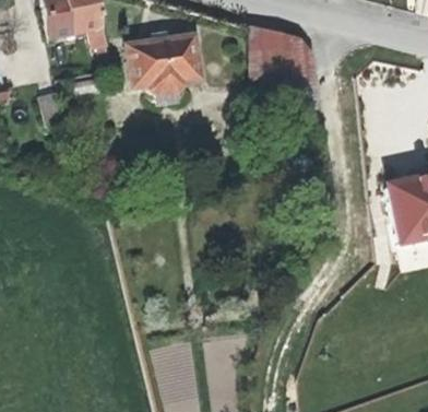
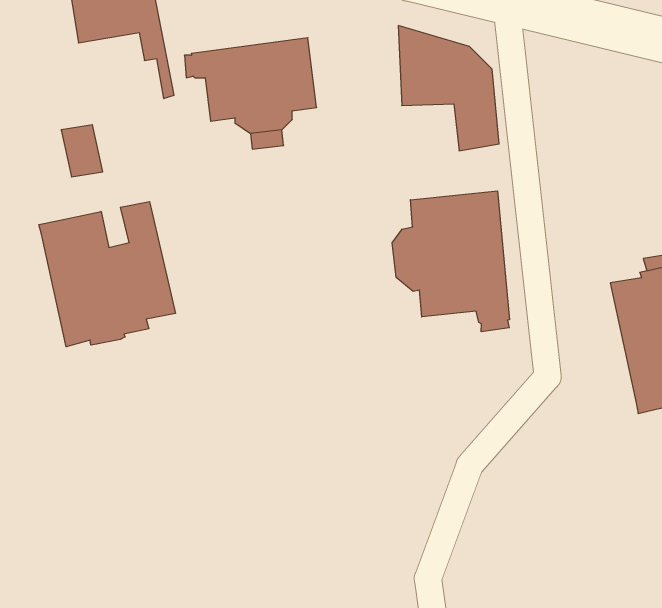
building: none -> [392,191,509,332]
building: none -> [39,202,175,347]

